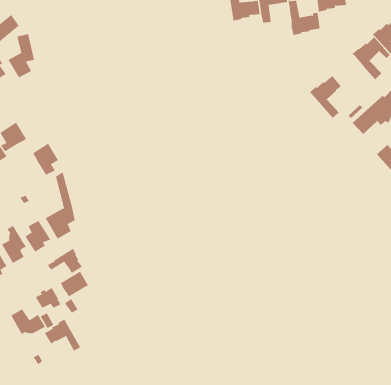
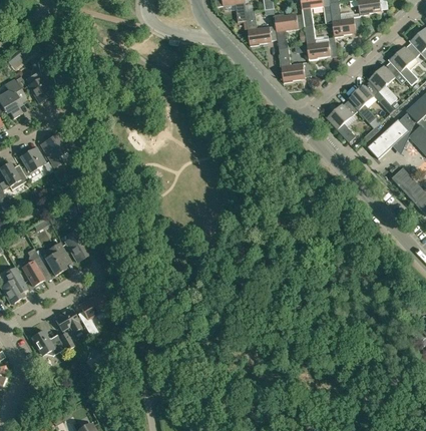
building: none -> [280,47,312,82]
building: none -> [347,80,379,123]
building: [32,143,59,175] -> [41,134,67,166]
building: [47,248,82,274] -> none
building: [44,319,81,351] -> none

